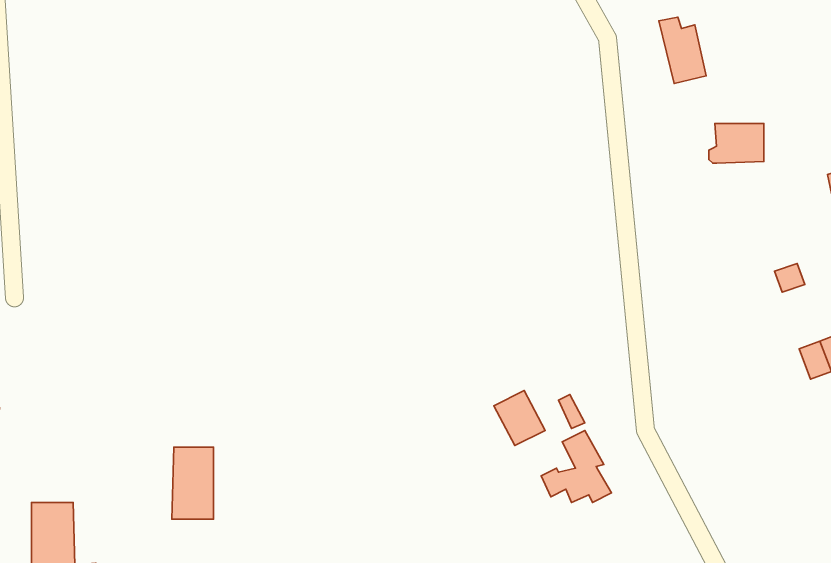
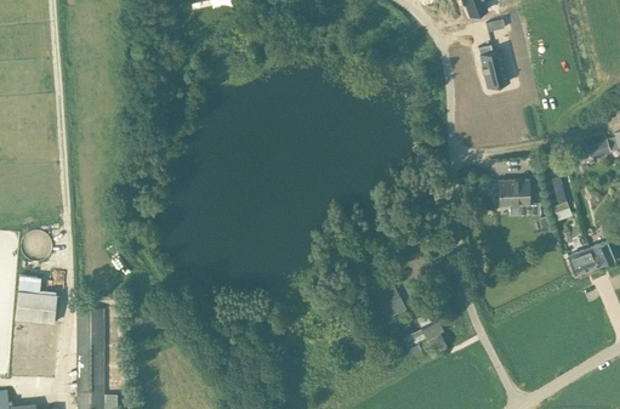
building: [709,124,764,163] -> [495,180,530,205]
building: [172,447,214,519] -> [78,308,104,354]

